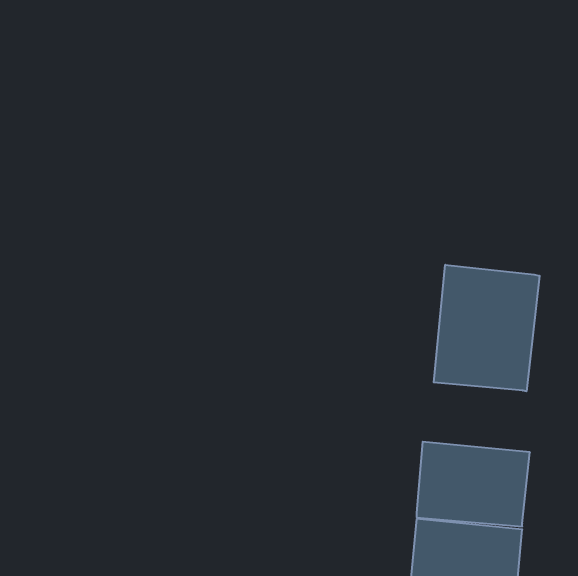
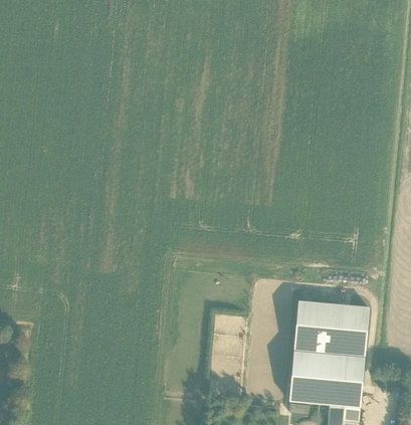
building: [434,265,540,391] -> none

